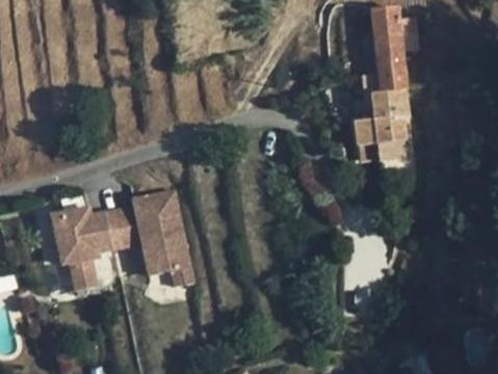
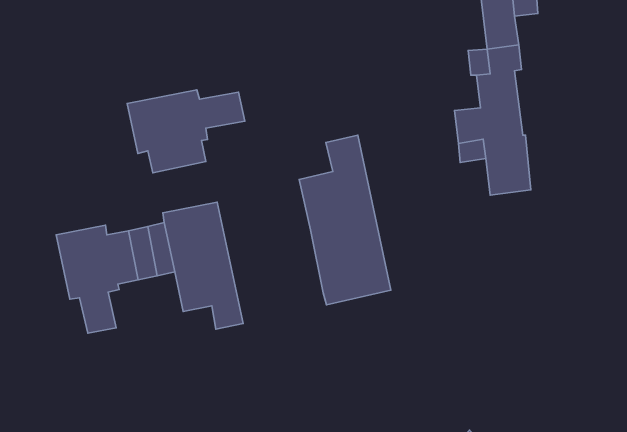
building: none -> [127,90,245,173]
building: none -> [299,135,391,305]

